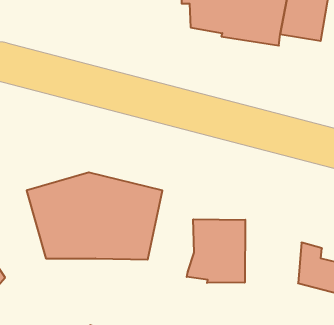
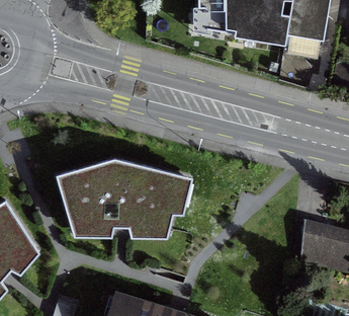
building: [187,219,245,283] -> none

